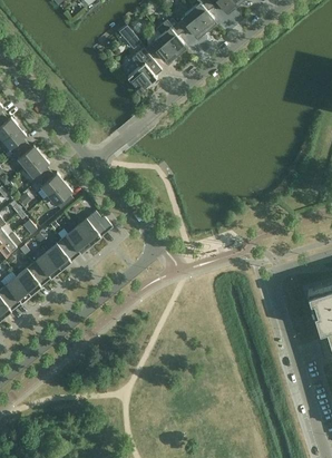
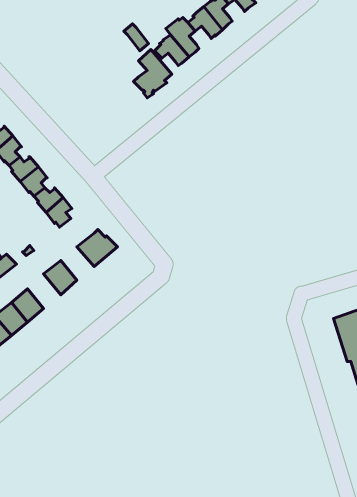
building: [61,226,91,256] -> none
building: [31,251,61,282] -> none

